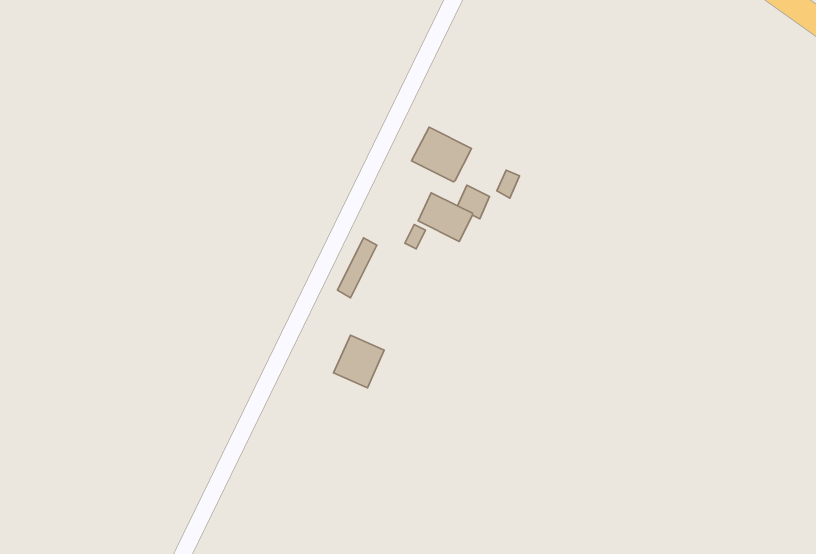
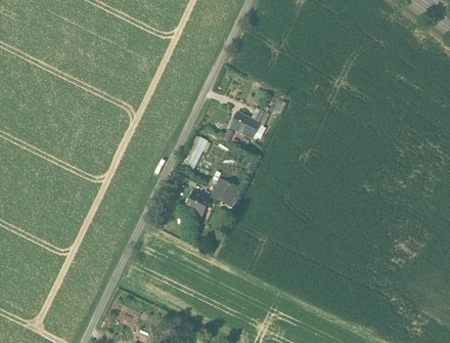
building: [411,127,471,182] -> none
building: none -> [211,179,236,205]

